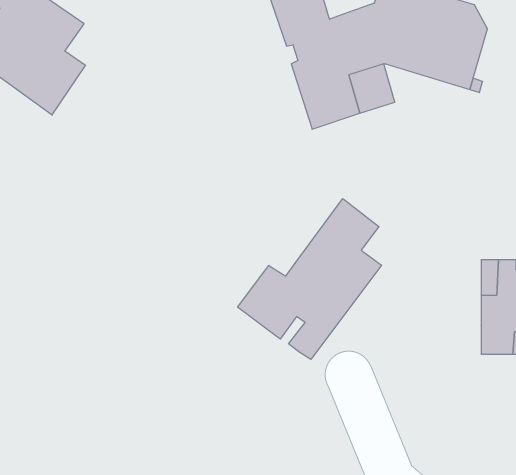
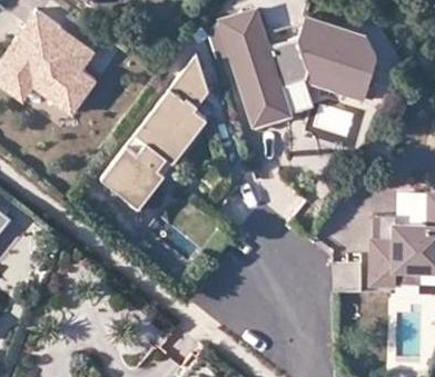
building: none -> [102,54,210,209]
building: [238,199,382,359] -> none

